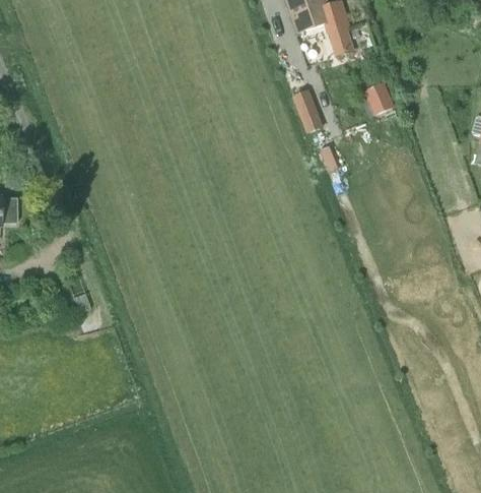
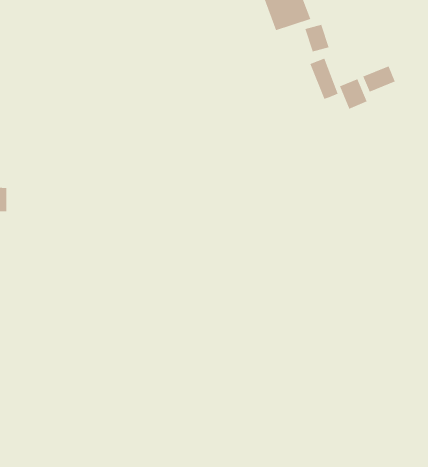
building: none -> [363,65,395,93]
building: [293,88,324,132] -> [309,58,338,100]

